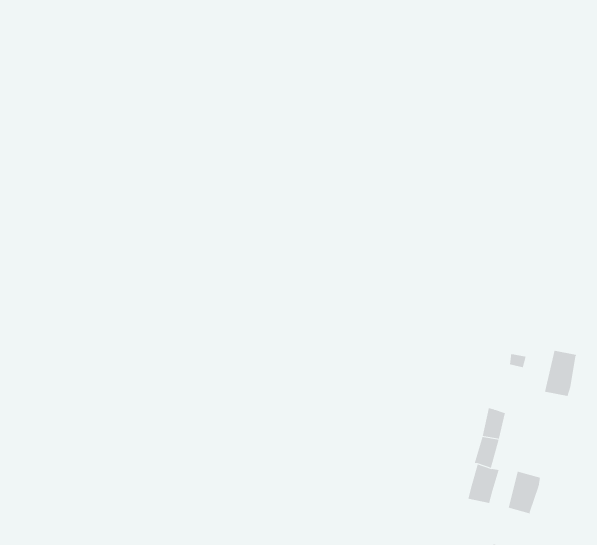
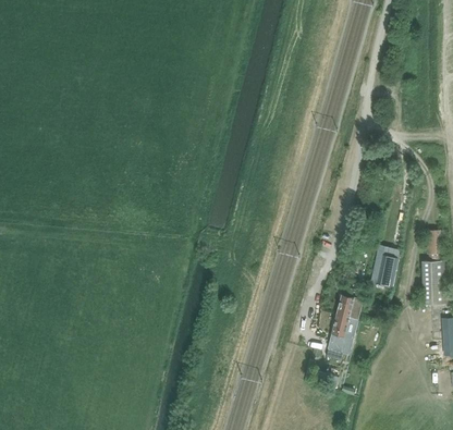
building: [508,471,540,515] -> none

